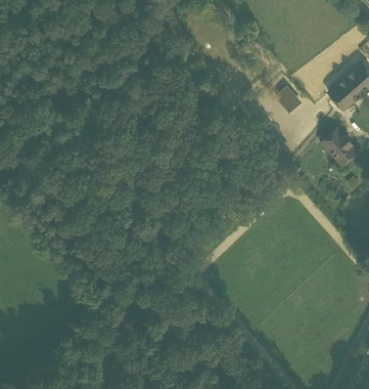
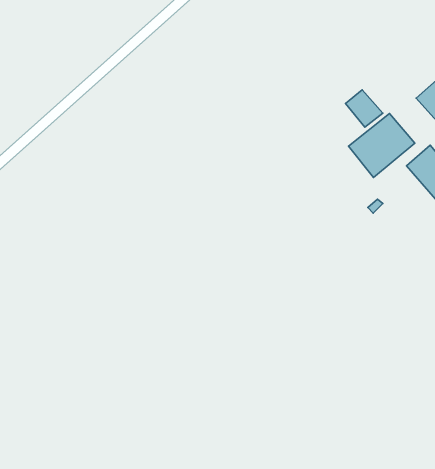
building: none -> [349,114,415,178]

